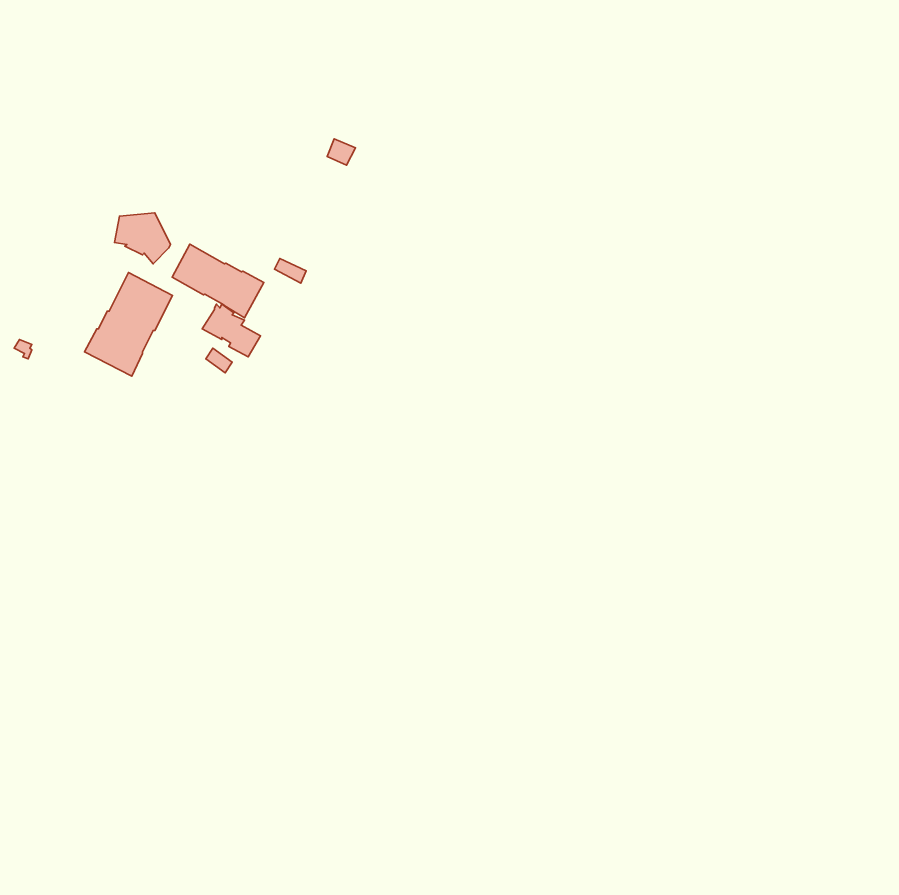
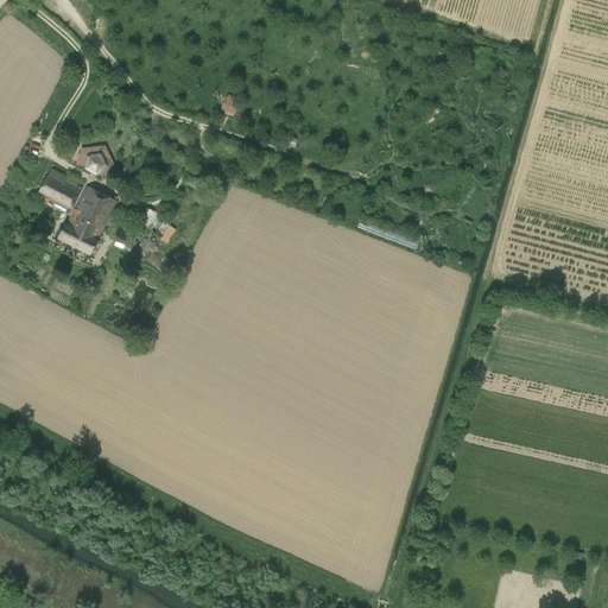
building: [172,244,264,318] -> none
building: none -> [37,167,81,210]

